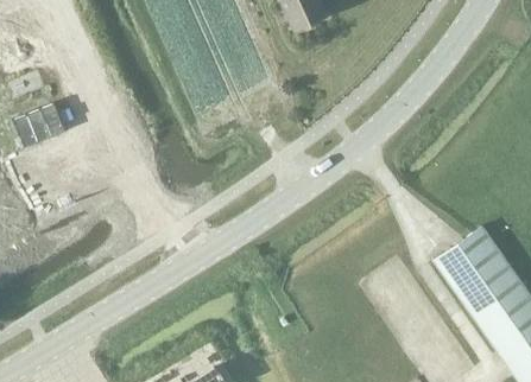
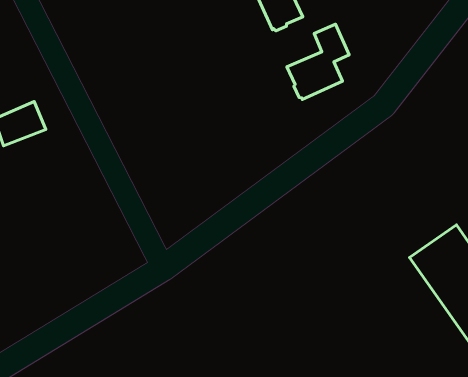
building: none -> [287,24,349,99]

